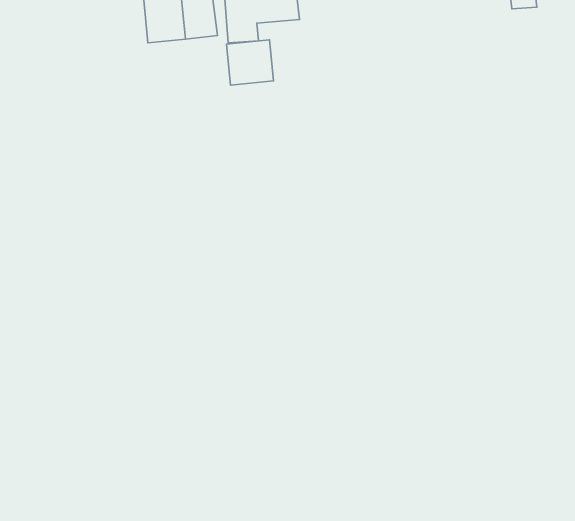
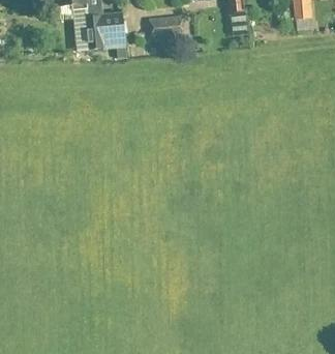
building: [226,40,274,85] -> none

